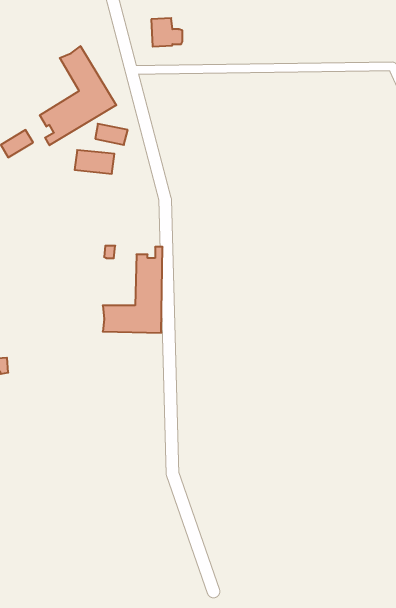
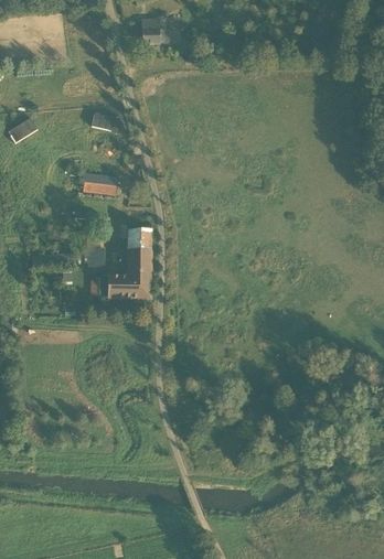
building: [40,46,116,145] -> none
building: [75,150,114,174] -> [82,173,117,194]

